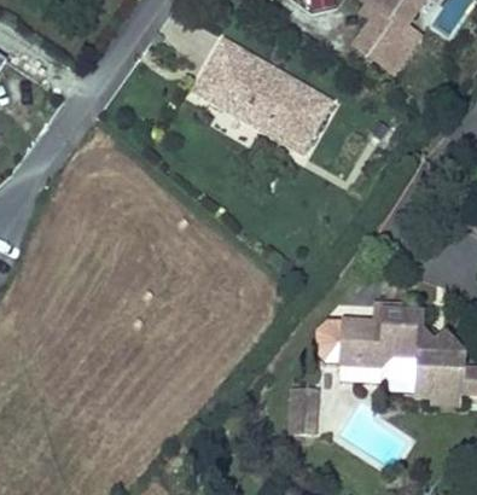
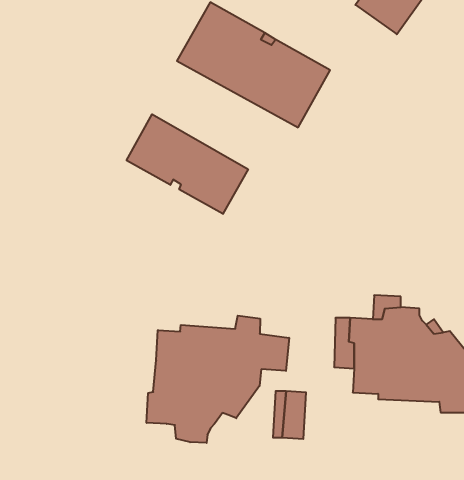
building: none -> [127,114,248,214]
building: none -> [147,316,289,443]

